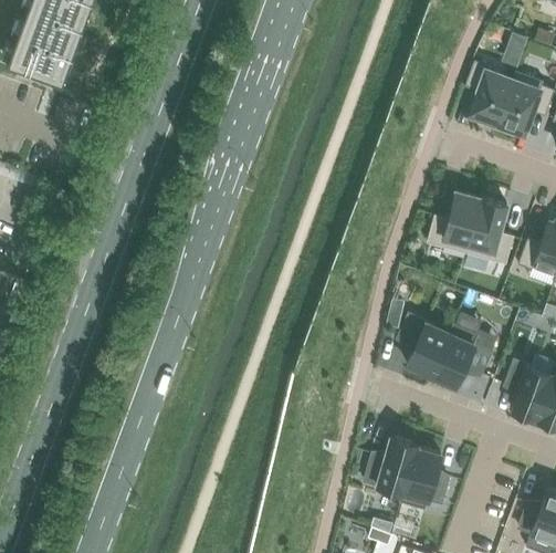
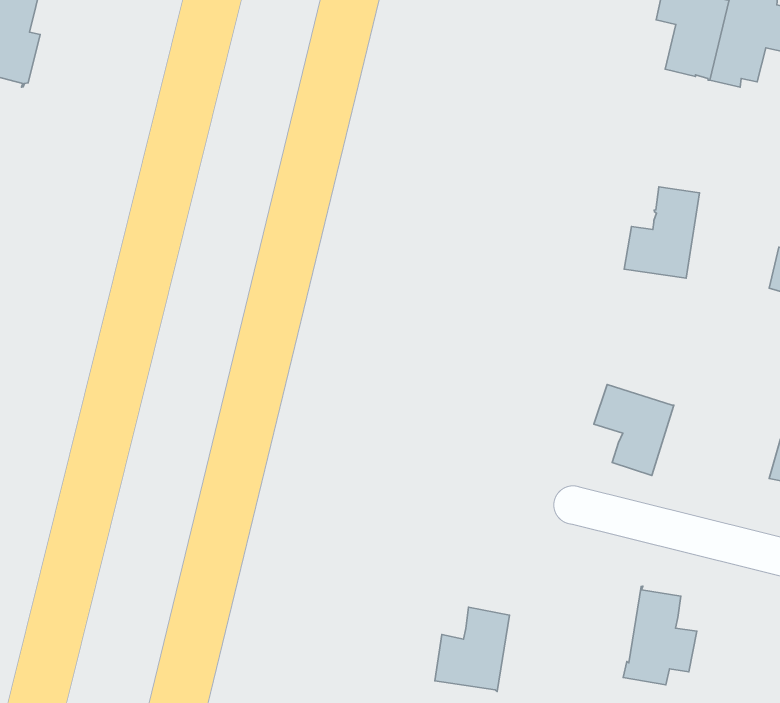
building: [468,199,514,264] -> none
building: [432,323,492,387] -> none
building: [366,438,418,493] -> [435,607,510,691]

